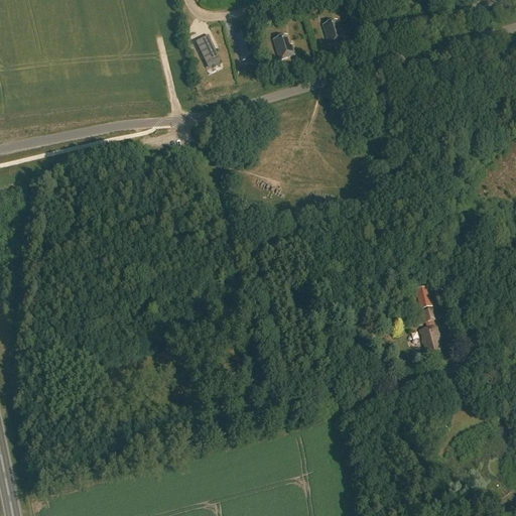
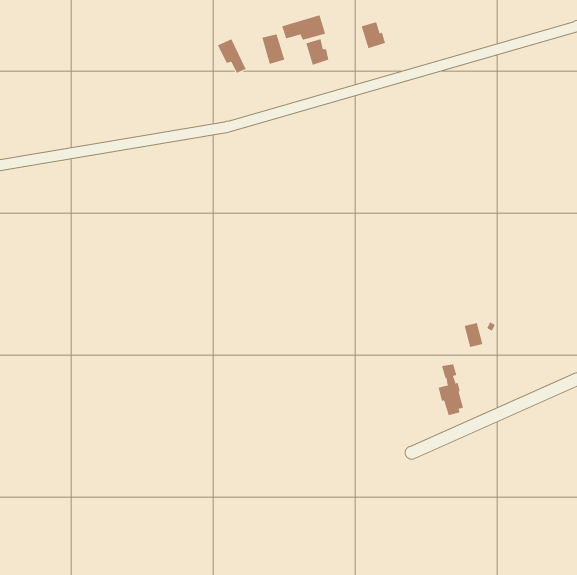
building: none -> [281,15,326,40]
building: [417,309,440,356] -> [438,364,464,416]

